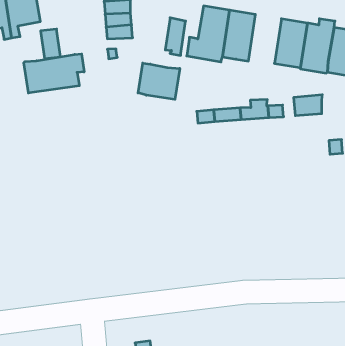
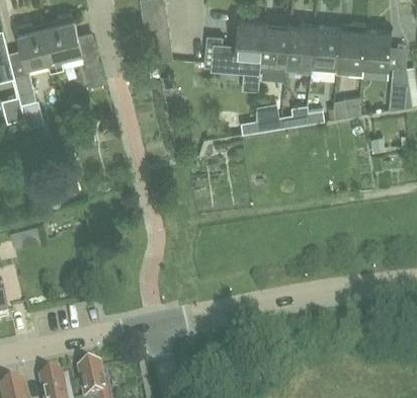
building: none -> [286,24,315,72]
building: [24,54,84,93] -> none
building: [138,63,180,99] -> none

